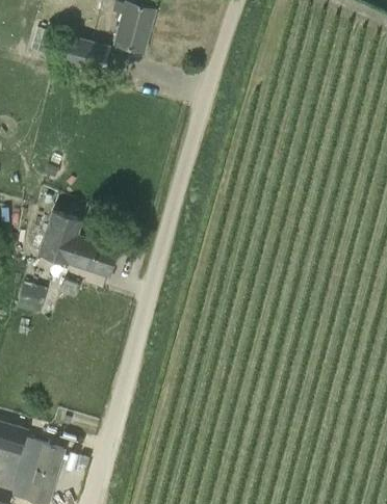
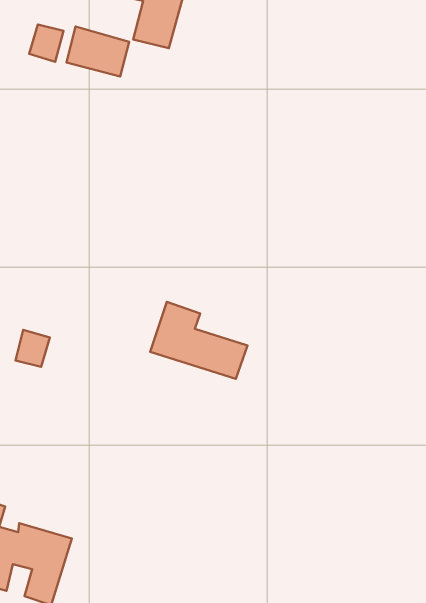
building: none -> [29,25,63,62]
building: [38,213,118,275] -> [150,302,247,379]

